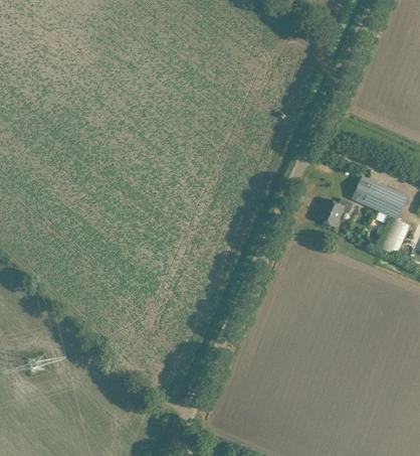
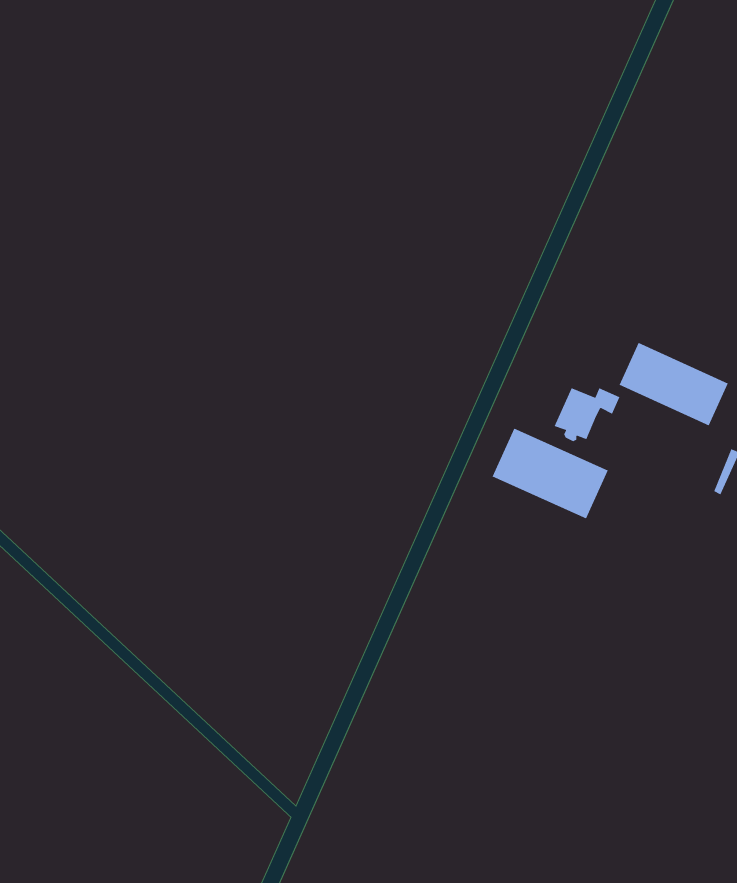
building: none -> [491,427,609,519]

